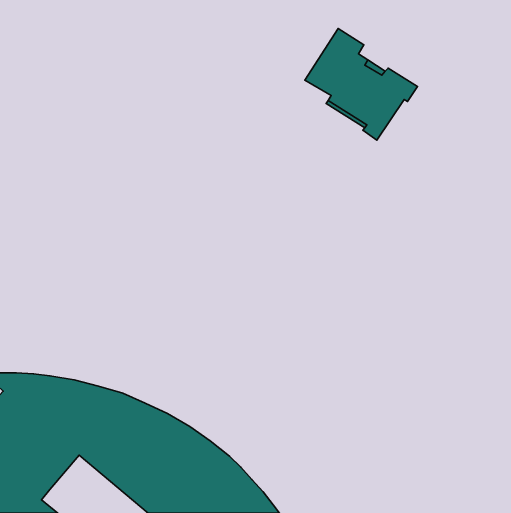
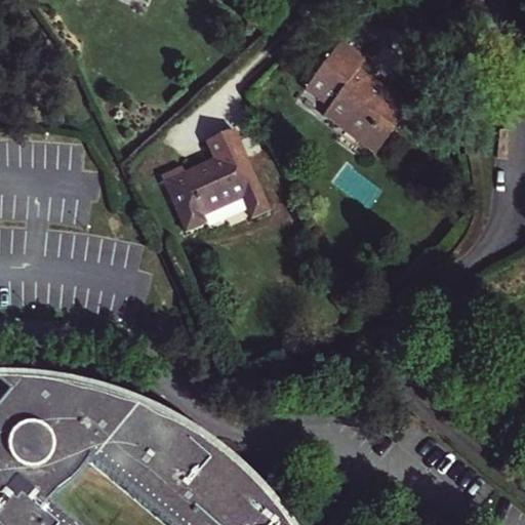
building: none -> [157,133,266,238]

